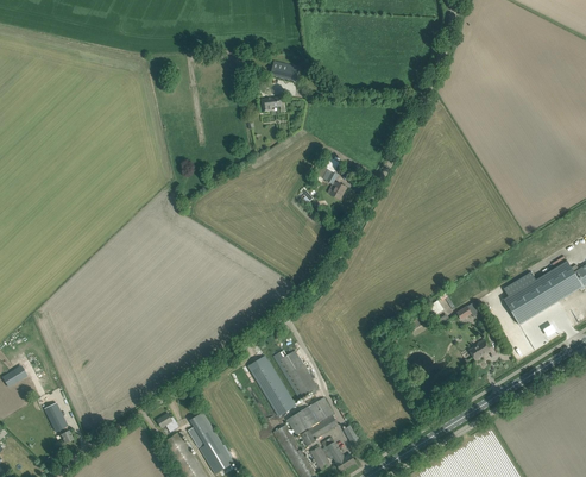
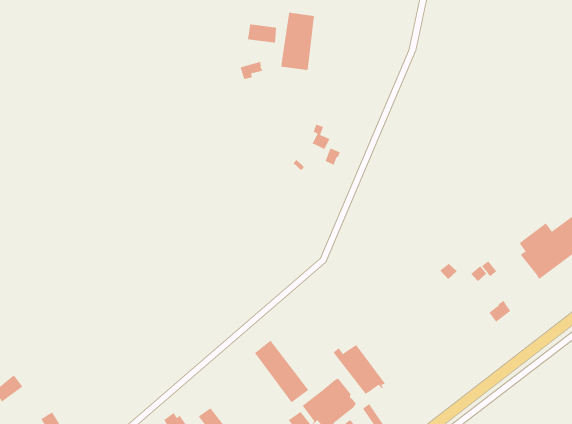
building: none -> [281,12,315,71]
building: [272,350,319,397] -> [333,344,386,395]

